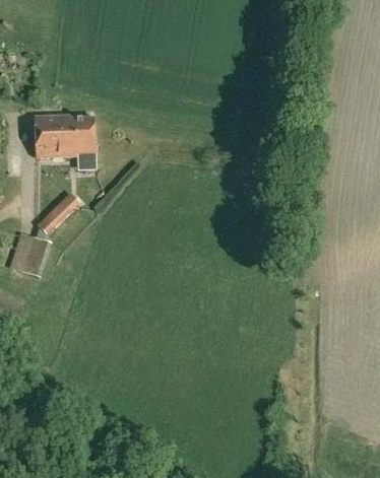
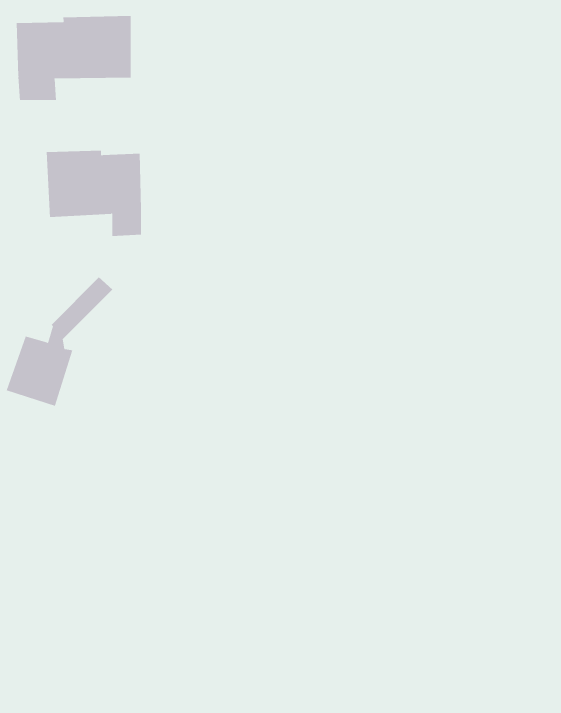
building: none -> [16,15,131,101]

